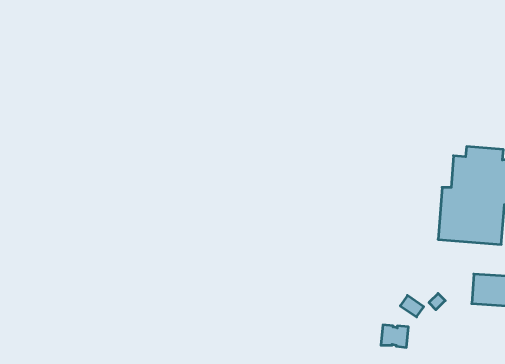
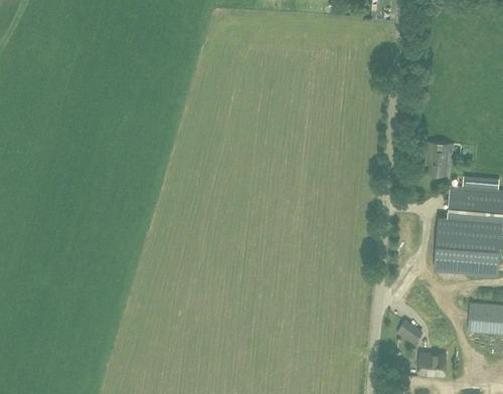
building: none -> [427,143,453,176]
building: [381,325,408,347] -> [418,354,446,376]

